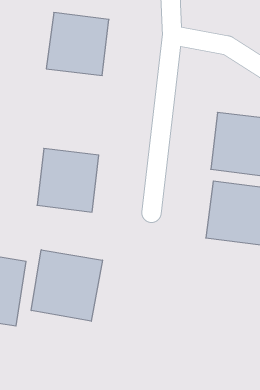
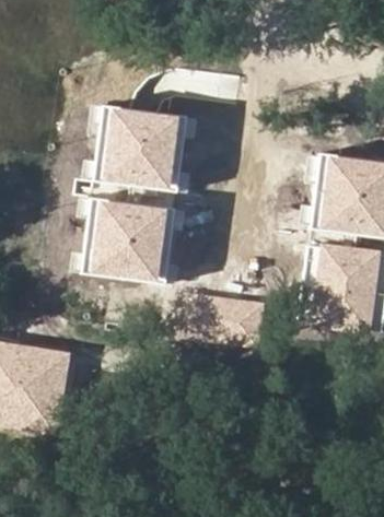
building: [46,13,109,75] -> [97,107,179,189]
building: [31,250,102,321] -> none

